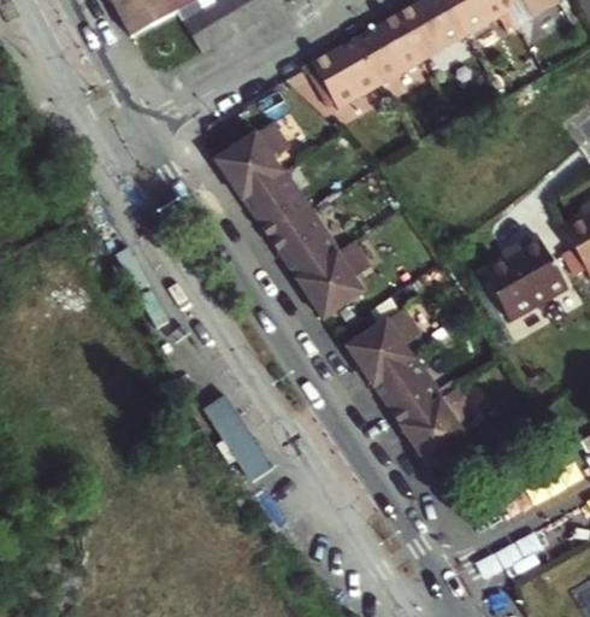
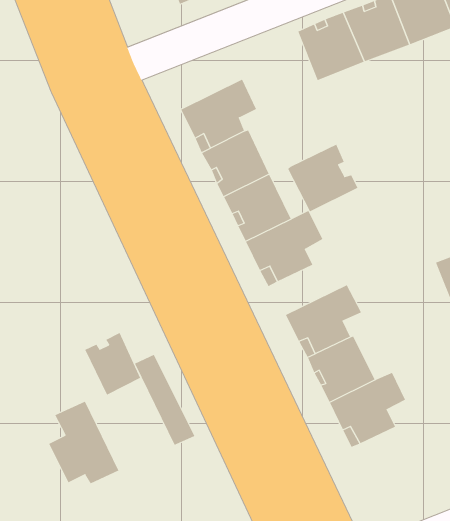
building: none -> [288,144,358,212]
building: none -> [85,332,141,395]
building: none -> [48,401,119,484]

